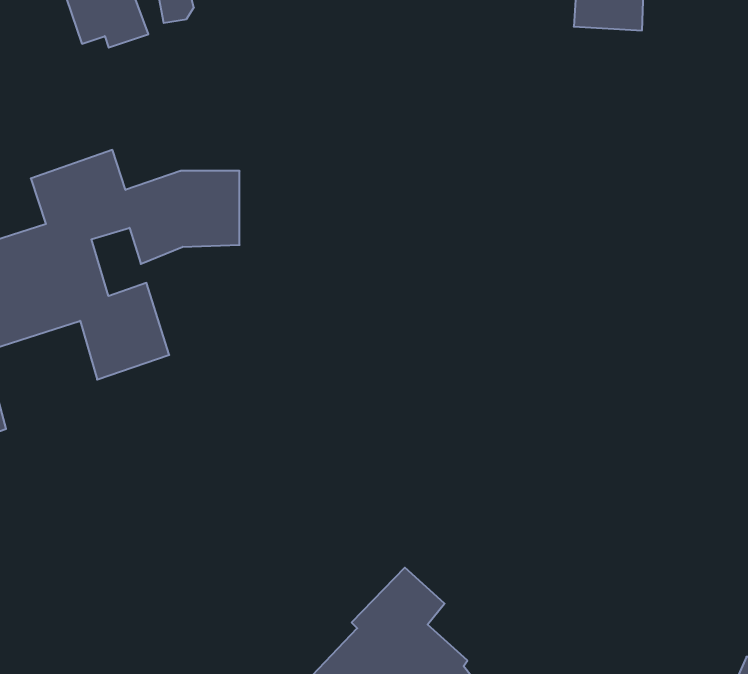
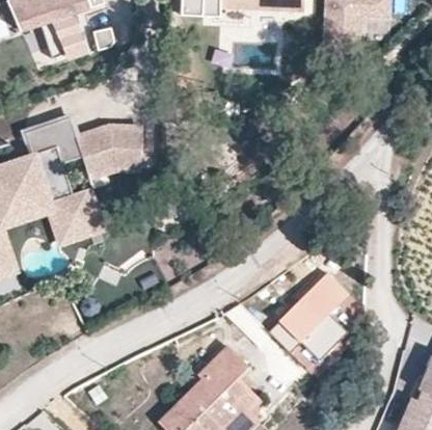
building: none -> [267,269,344,355]

